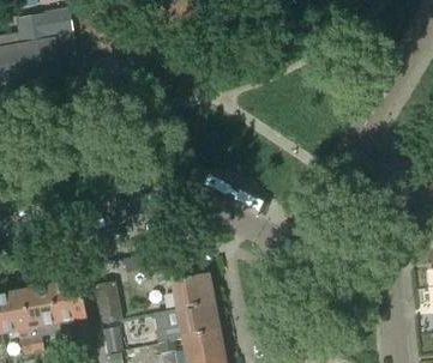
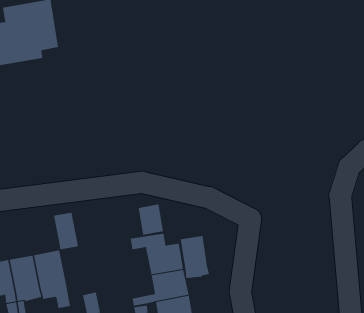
building: none -> [138,204,164,236]
building: none -> [180,235,209,279]
building: [95,282,122,322] -> [53,212,79,250]

